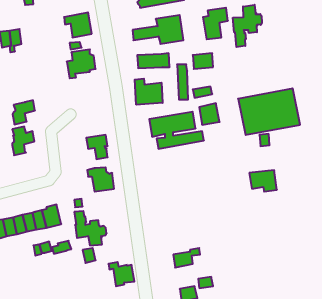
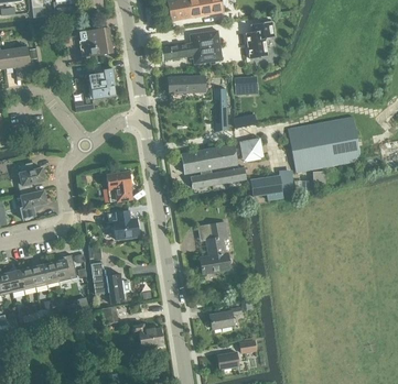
building: [233,5,262,47] -> none
building: [135,79,163,105] -> none
building: [13,100,35,124] -> [19,190,45,219]
building: [249,170,277,192] -> [249,175,282,200]
building: none -> [201,222,228,272]

